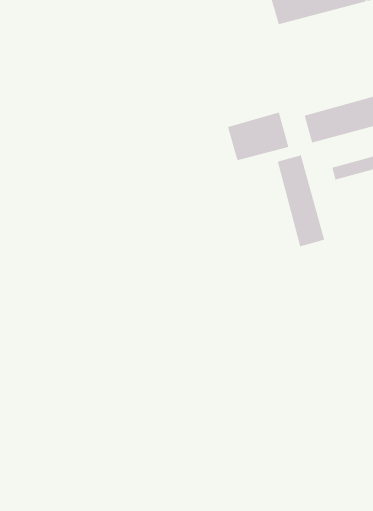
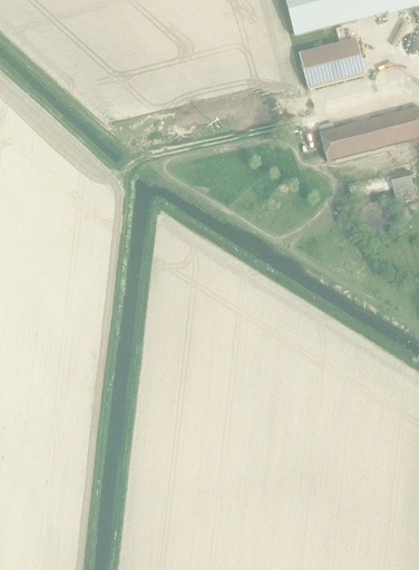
building: [227,112,289,161] -> [300,35,364,86]
building: [277,154,325,247] -> none

